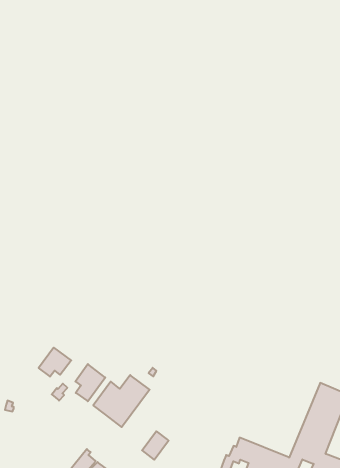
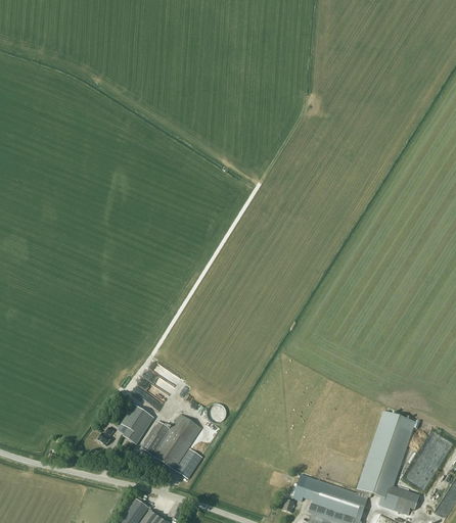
building: [39,348,71,377] -> none
building: [142,431,169,460] -> [175,448,202,479]

